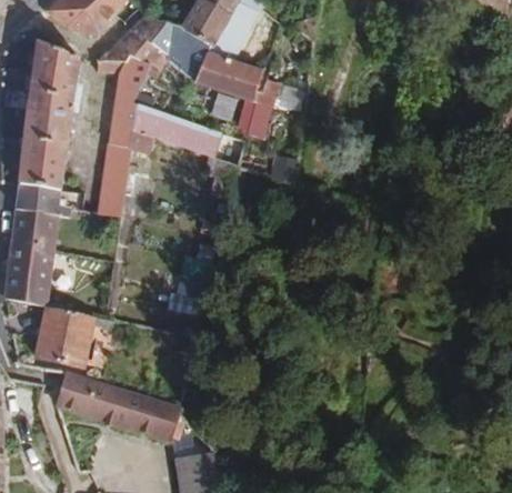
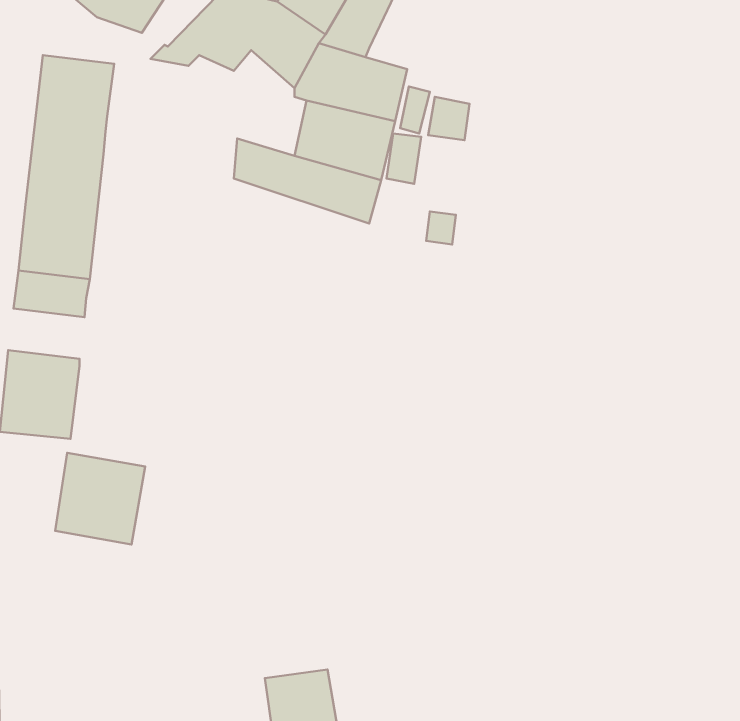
building: [98,56,155,210] -> none
building: [9,218,58,250] -> none
building: [58,372,180,443] -> none

